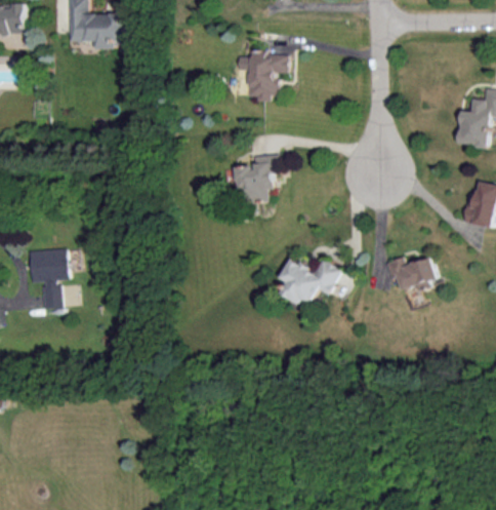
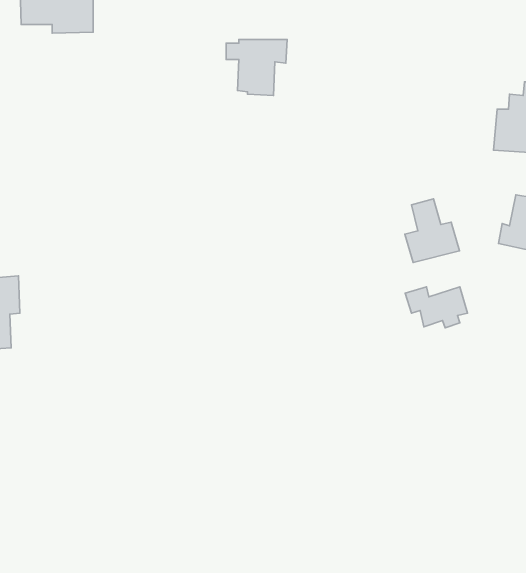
building: [236,154,278,201] -> none
building: none -> [405,199,460,263]
building: [280,258,341,304] -> none

